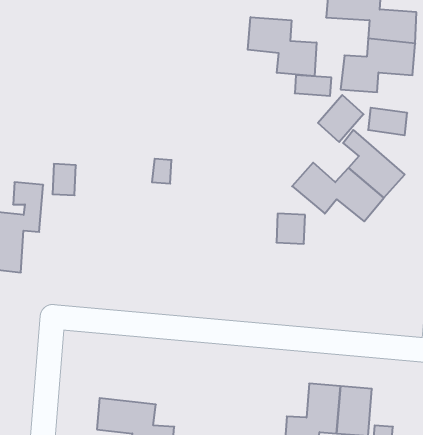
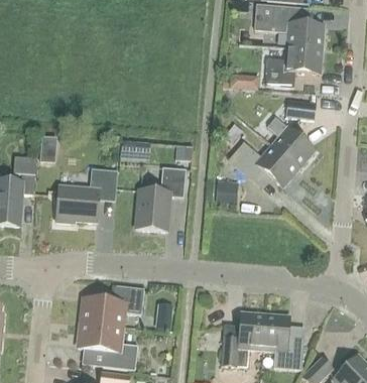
building: [248,17,316,76] -> none
building: [318,95,364,142] -> none
building: none -> [136,167,186,231]
building: none -> [55,168,118,223]
building: none -> [80,285,144,328]

